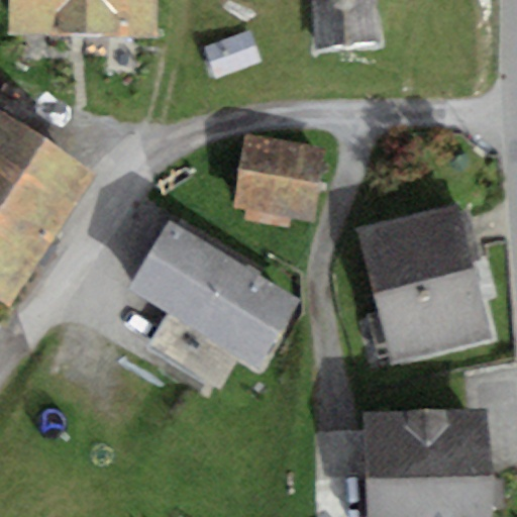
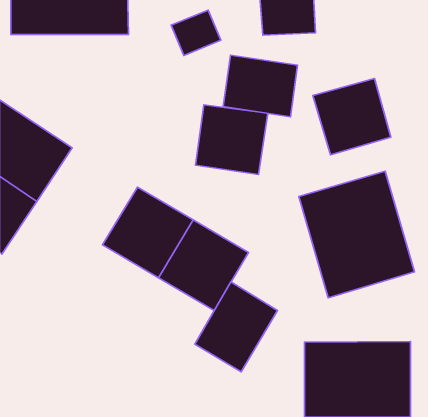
building: none -> [223,55,297,117]
building: none -> [313,79,391,155]
building: none -> [195,282,278,372]

